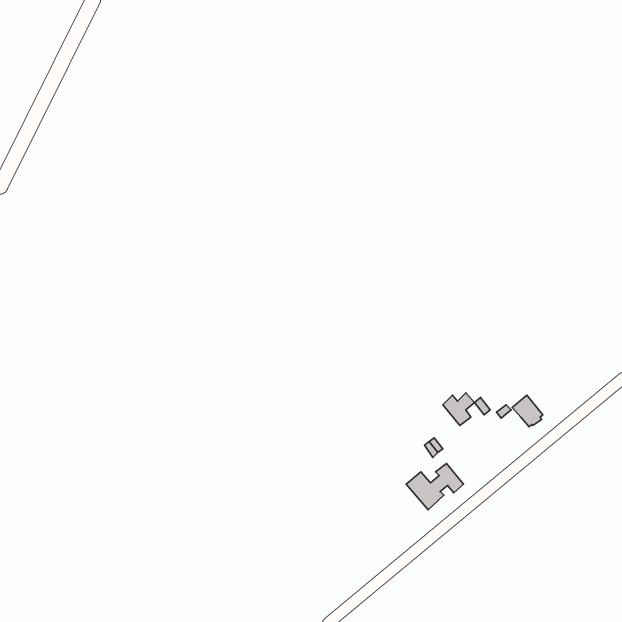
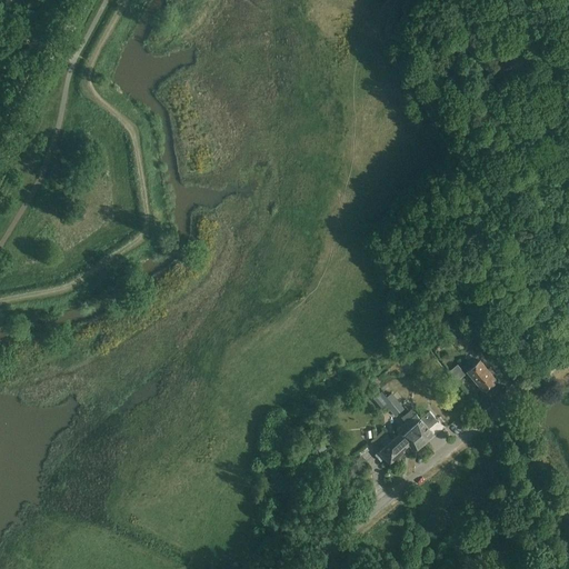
building: [443,393,474,426] -> [408,412,437,442]

